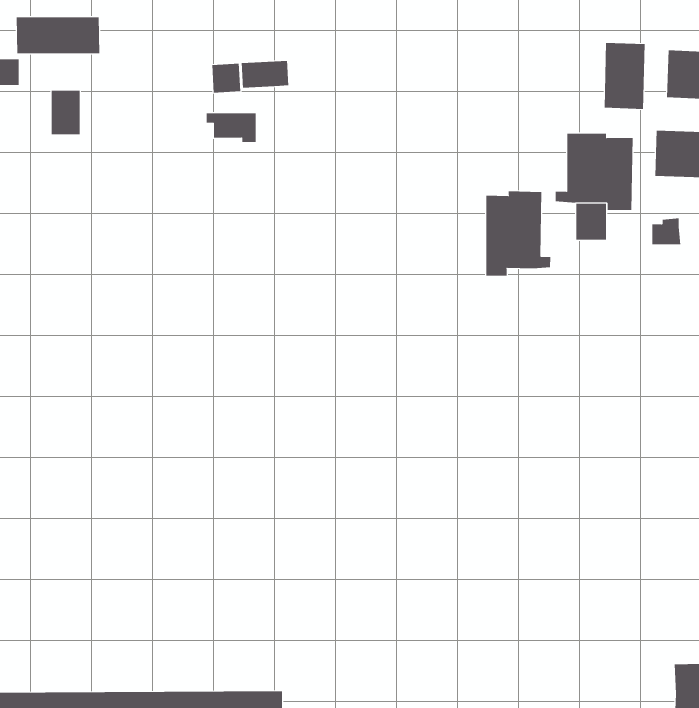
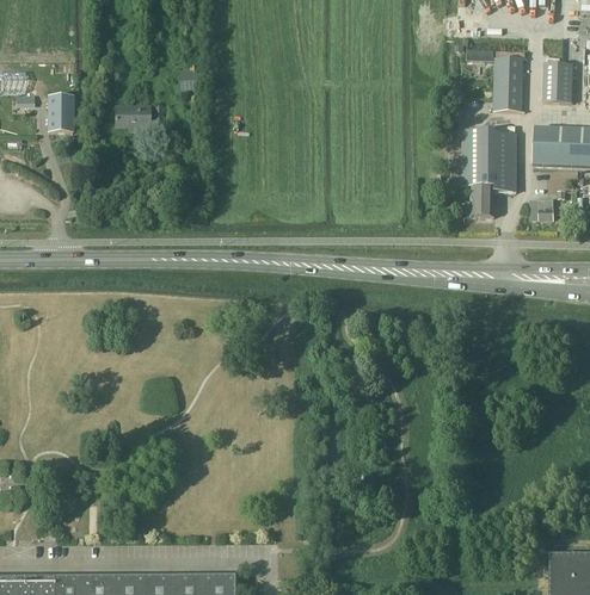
building: [16,16,100,54] -> none
building: [241,60,289,88] -> none
building: [206,113,256,143] -> [109,106,149,130]
building: [486,191,551,277] -> none

